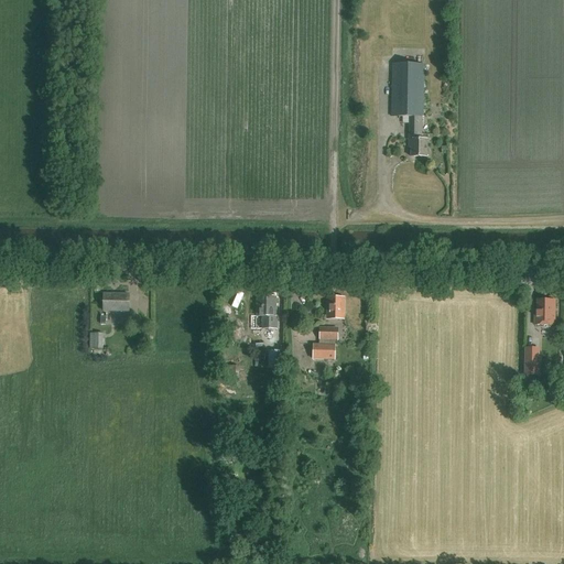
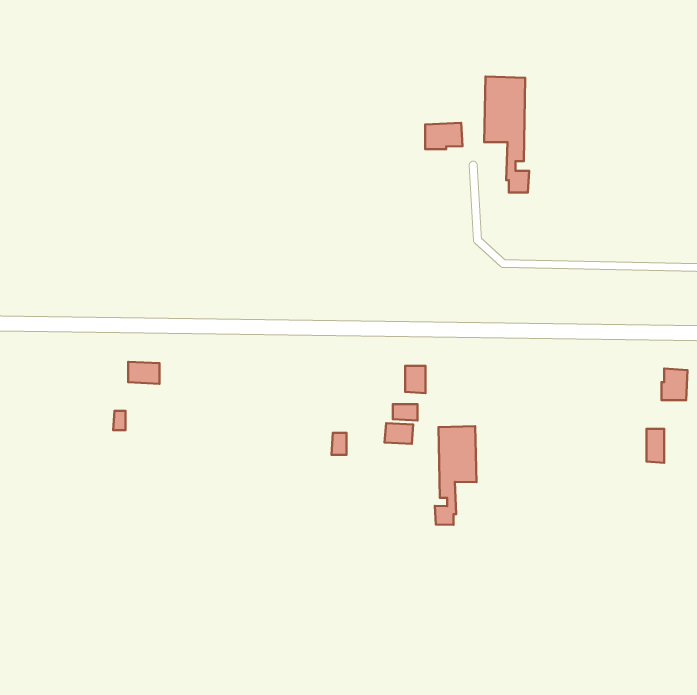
building: none -> [425,123,462,149]
building: [257,294,276,327] -> none
building: none -> [435,426,476,525]

